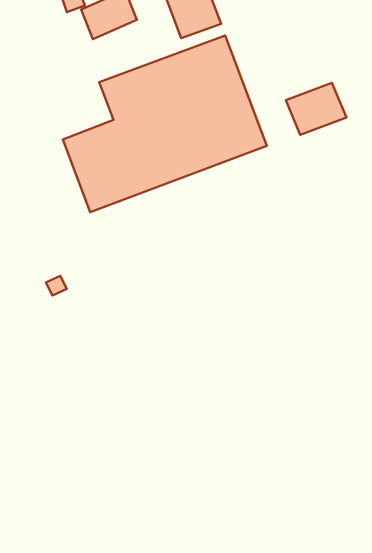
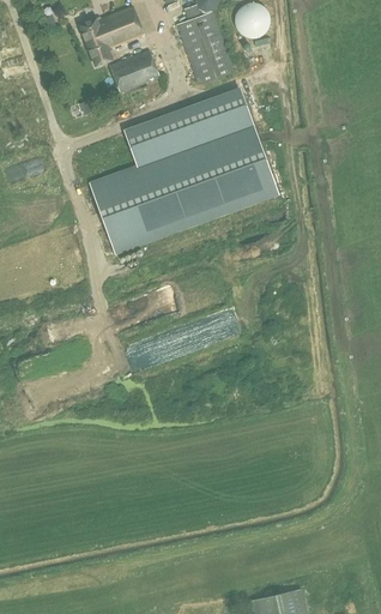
building: [286,83,346,135] -> none

